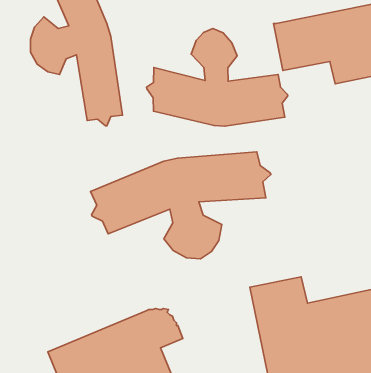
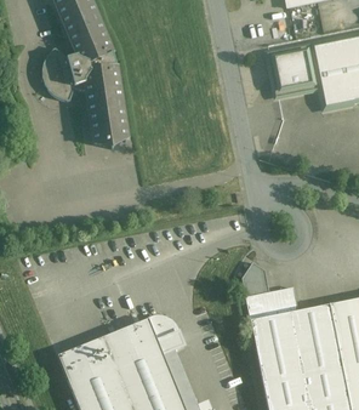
building: [146,29,288,126] -> none
building: [90,152,271,259] -> none

